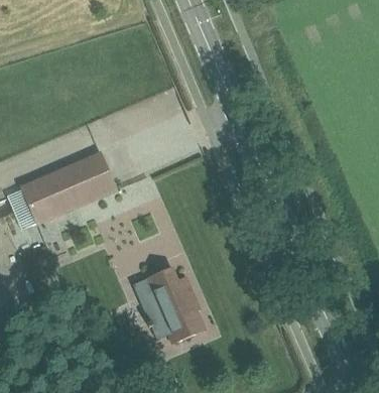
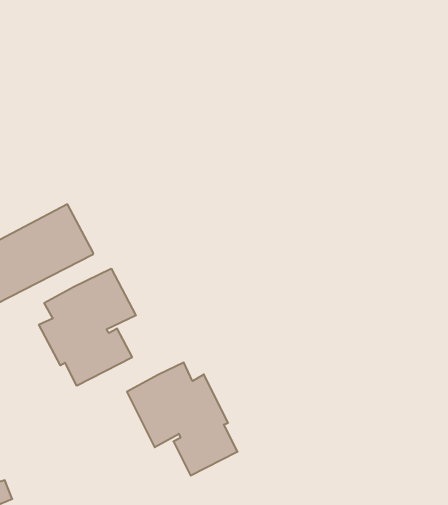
building: none -> [39,269,136,386]

